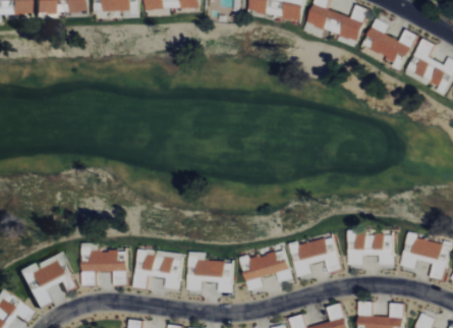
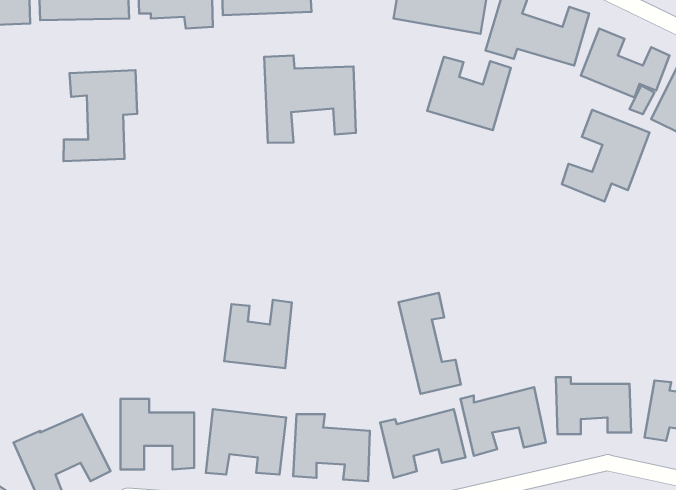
building: none -> [264,56,356,143]
building: none -> [427,57,511,130]
building: none -> [64,70,137,161]
building: none -> [562,110,649,202]
building: none -> [398,293,461,394]
building: none -> [224,300,292,368]

